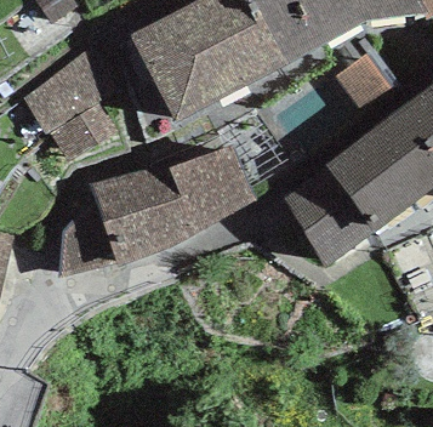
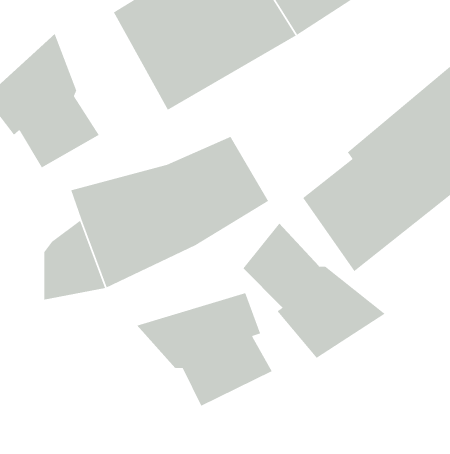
building: none -> [243,223,386,359]
building: none -> [136,292,273,407]

